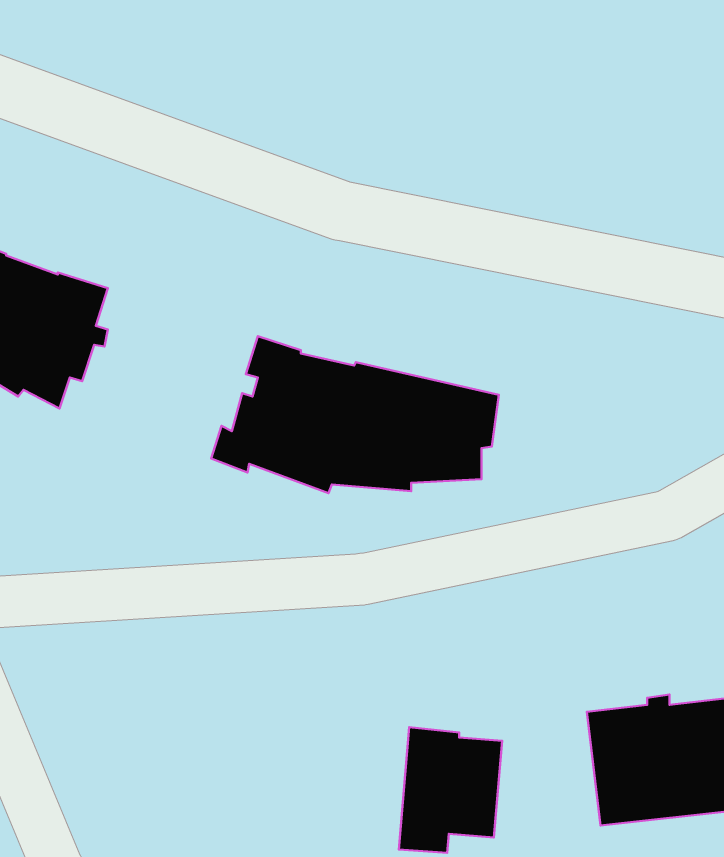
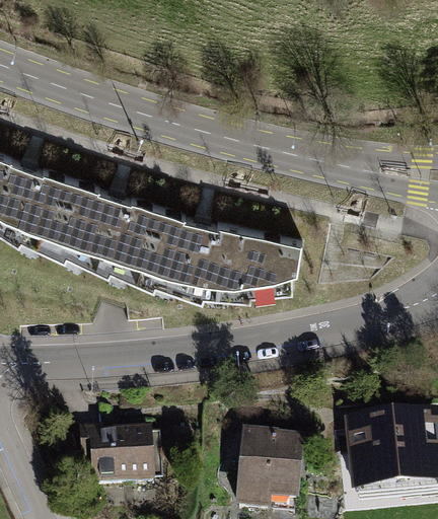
building: none -> [39,177,155,278]
building: none -> [82,430,151,485]

